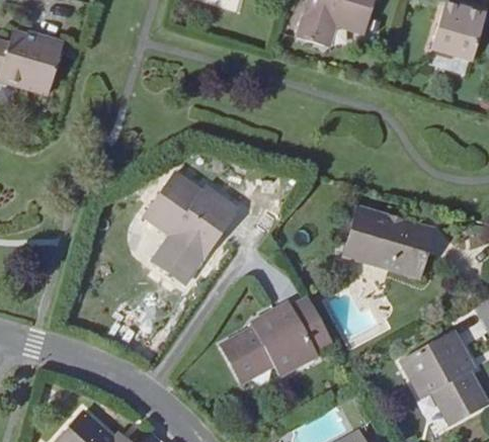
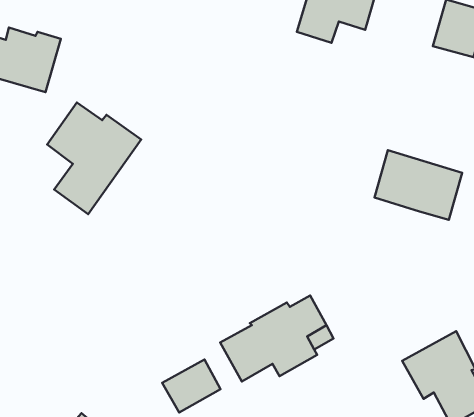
building: [146,174,239,284] -> [47,103,141,214]
building: [345,207,432,276] -> [374,150,462,220]
building: none -> [162,359,221,412]

